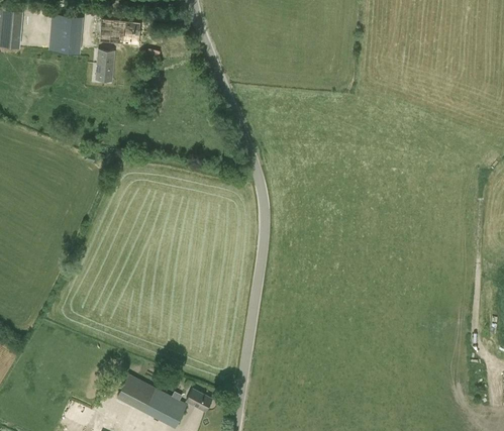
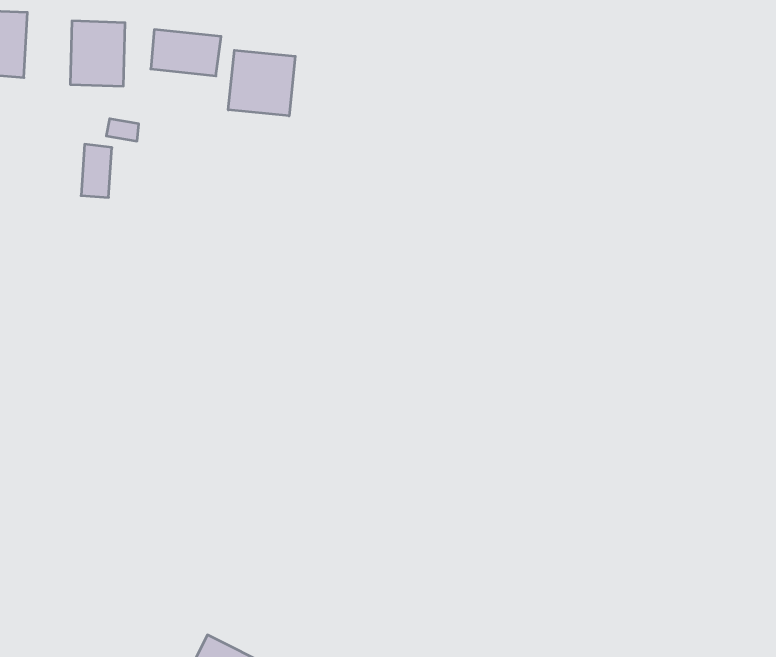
building: none -> [228,50,295,116]
building: [95,50,113,82] -> [81,144,112,197]

